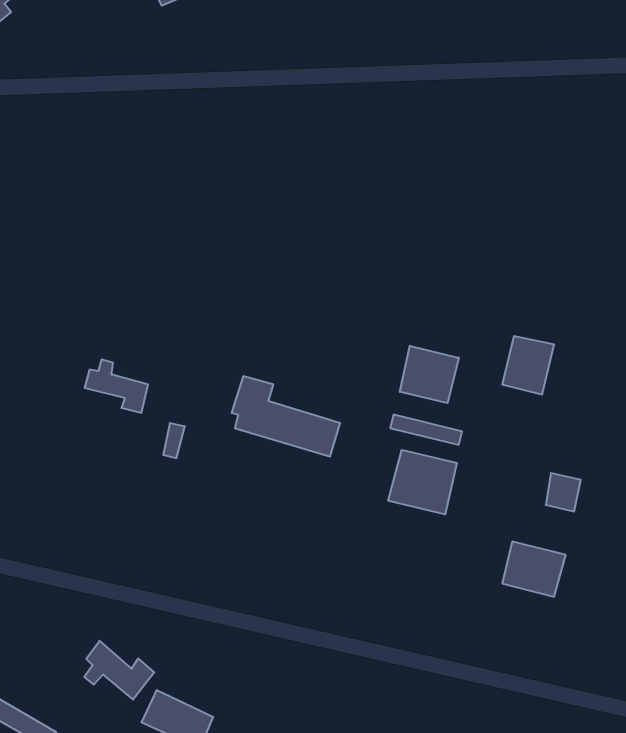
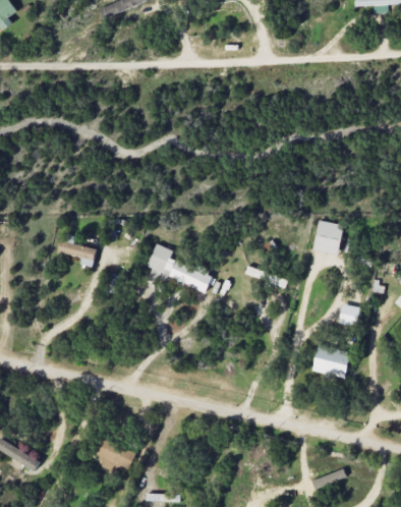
building: [400,346,459,403] -> none
building: [388,450,457,515] -> none
building: [84,641,154,700] -> none

